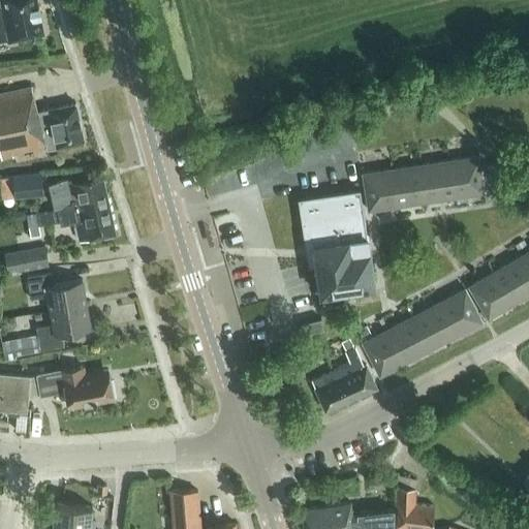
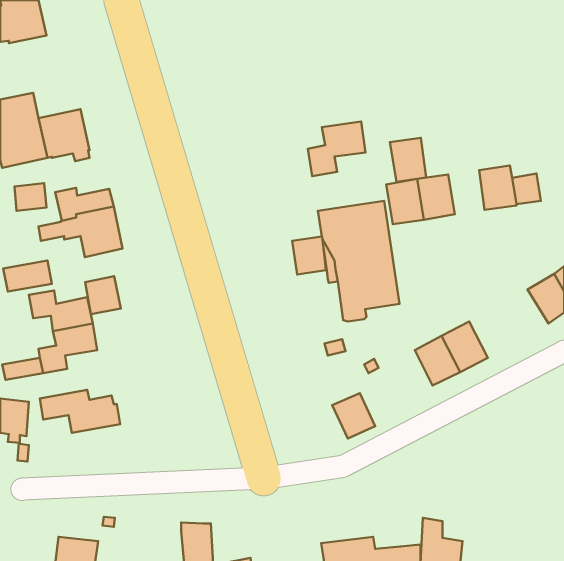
building: none -> [308,121,365,176]
building: [419,162,454,204] -> [390,138,426,182]
building: none -> [292,236,326,275]
building: none -> [85,276,121,314]
building: [469,274,514,321] -> none
building: [439,290,483,338] -> none
building: [362,331,405,378] -> none
building: [337,350,377,402] -> none

